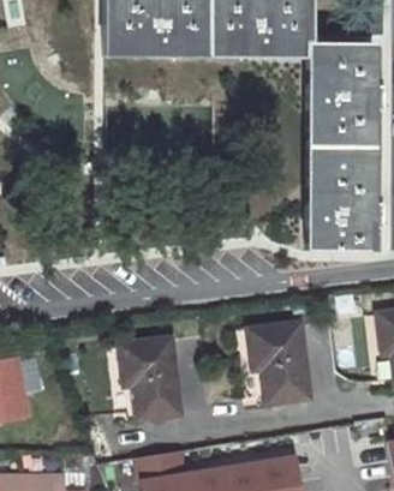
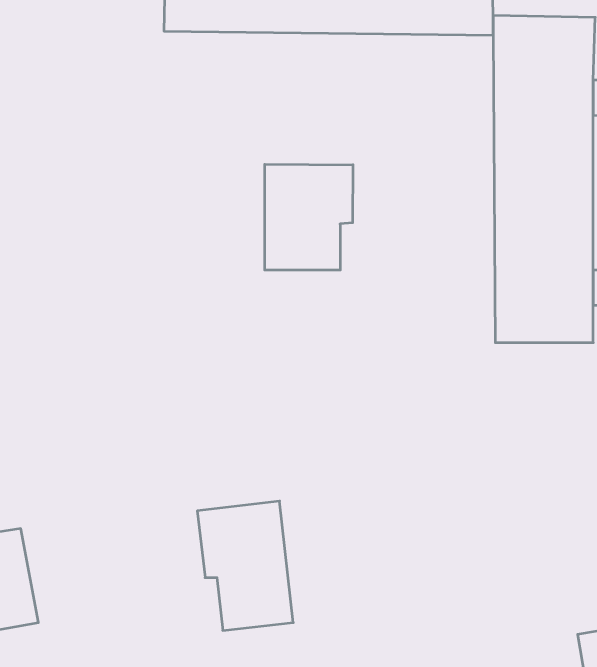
building: none -> [265,164,353,270]
building: [252,325,312,405] -> none

